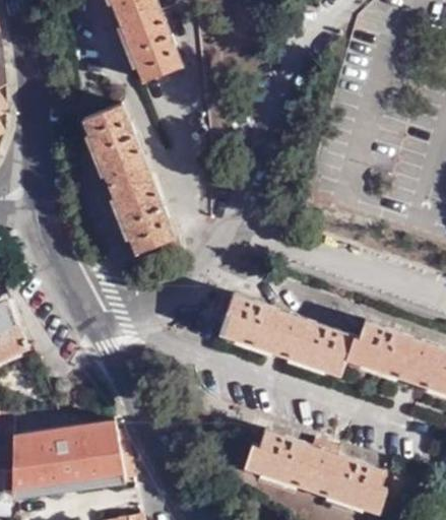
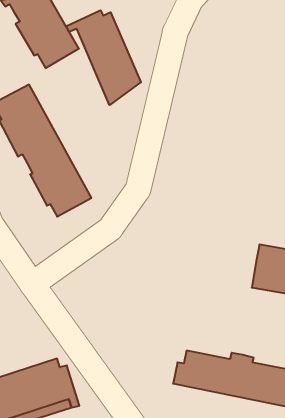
building: none -> [66,10,141,105]
building: [219,296,355,378] -> none

